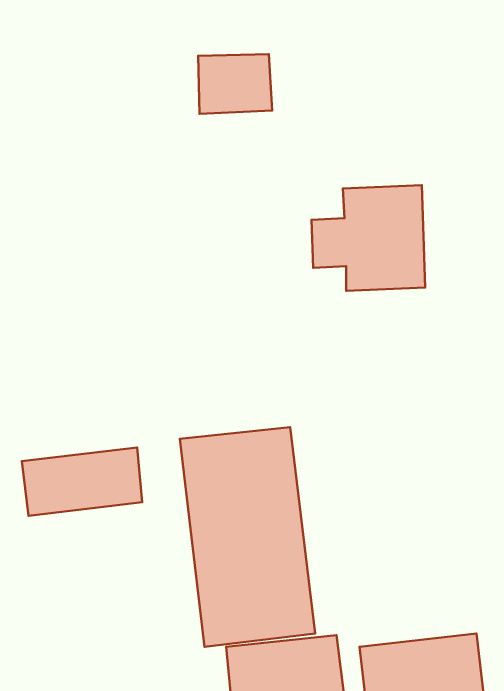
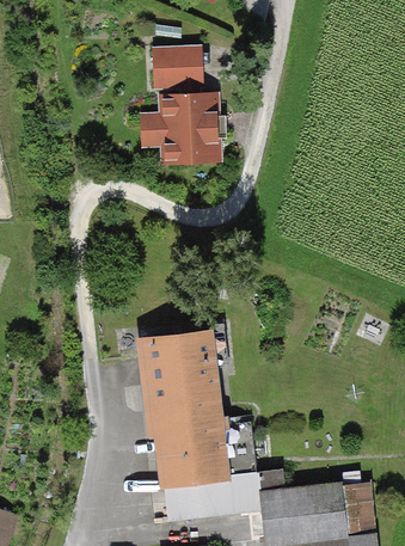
building: [311,185,425,291] -> [135,88,217,165]
building: [22,448,142,516] -> none

